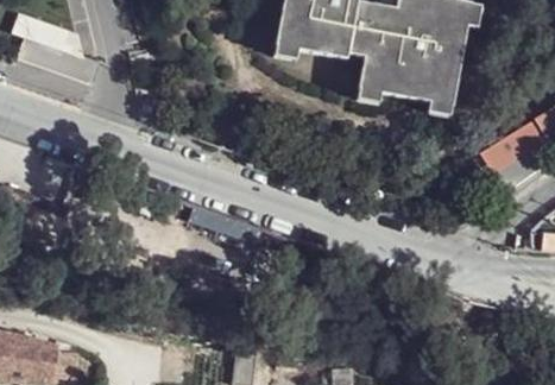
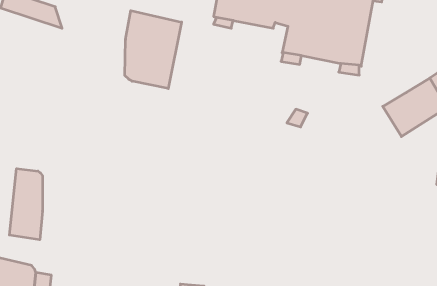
building: none -> [125,11,182,89]
building: none -> [9,169,43,240]

